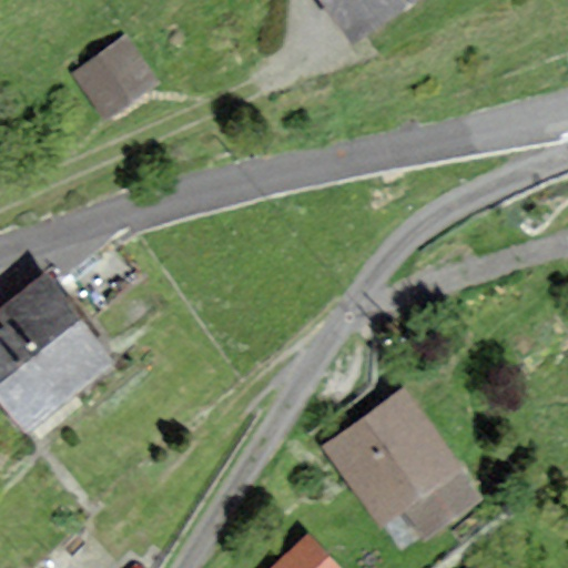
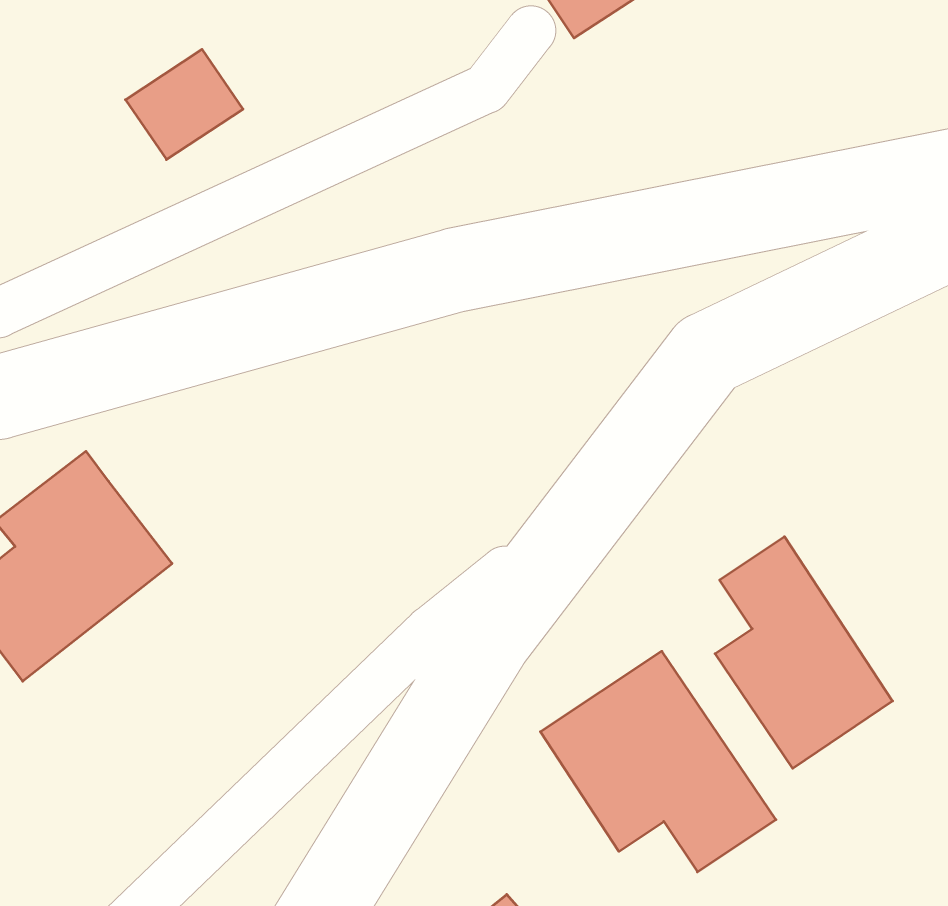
building: none -> [715,537,893,768]

